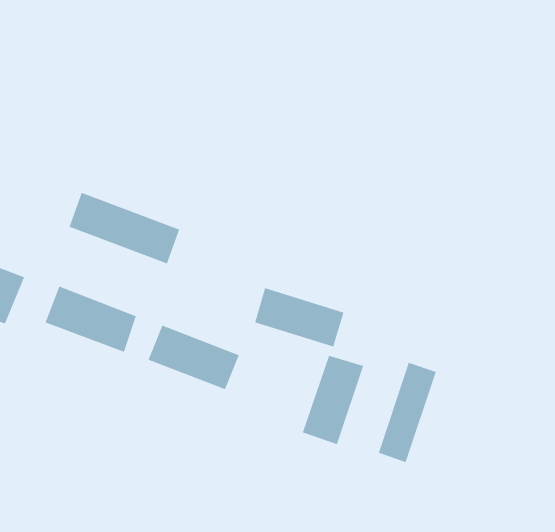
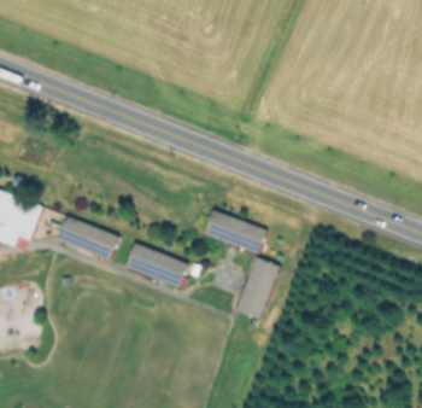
building: [68,192,180,265] -> none
building: [378,362,437,463] -> none

